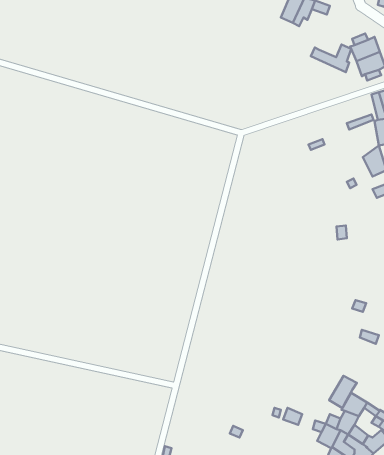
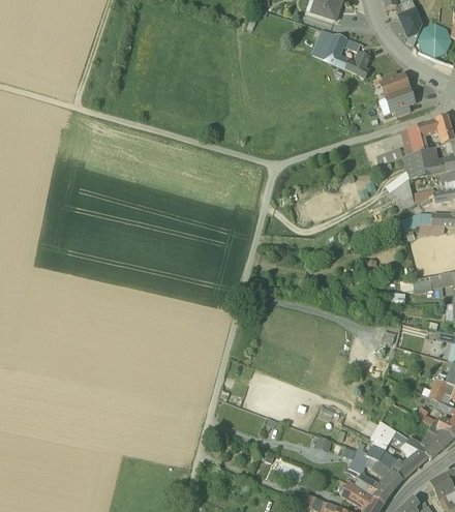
building: [311,44,351,72] -> [331,53,370,80]
building: [329,376,357,408] -> none

